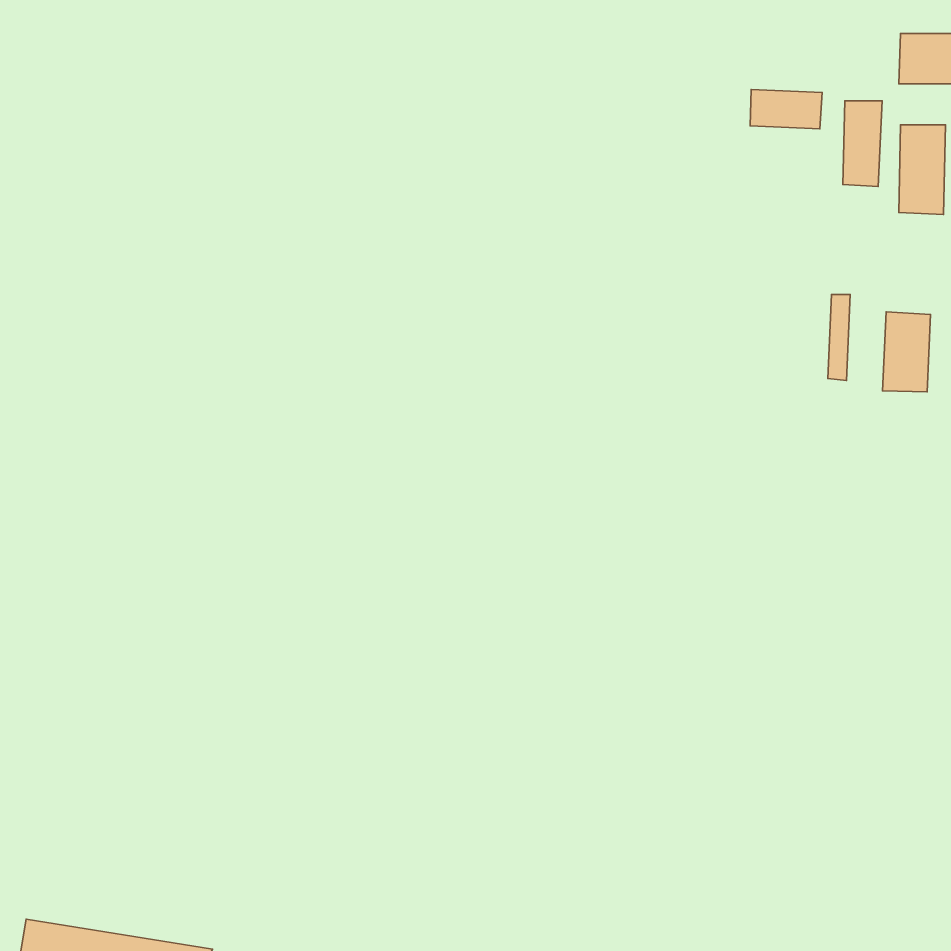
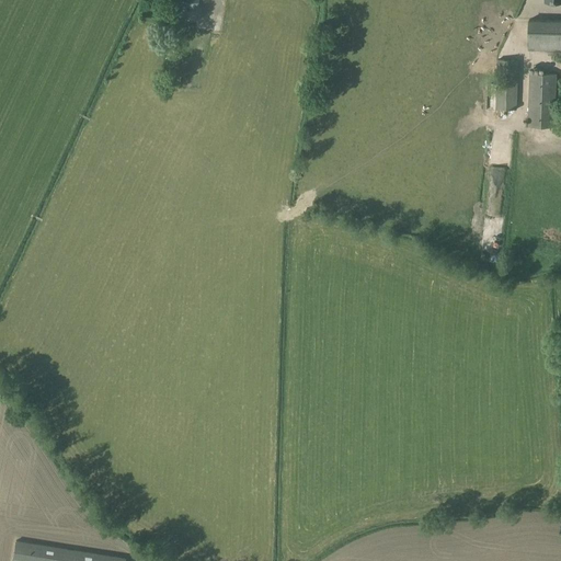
building: [750,89,822,129] -> none
building: [883,312,931,392] -> none

